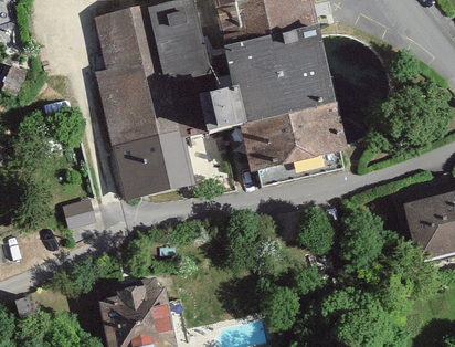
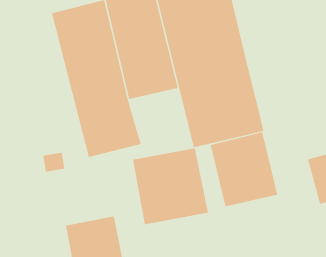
building: none -> [210,132,278,207]
building: none -> [133,147,208,225]

